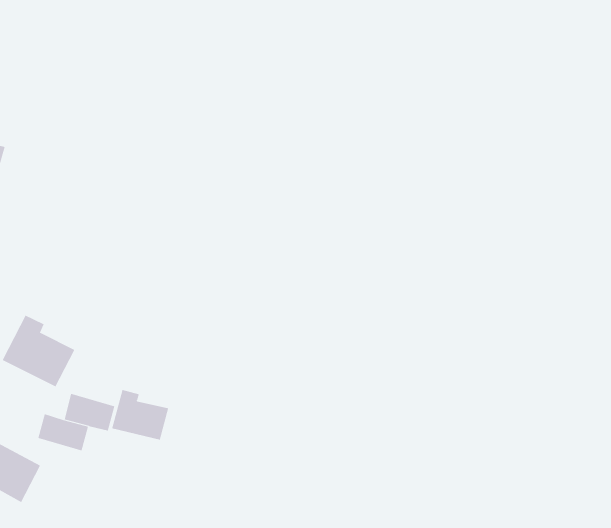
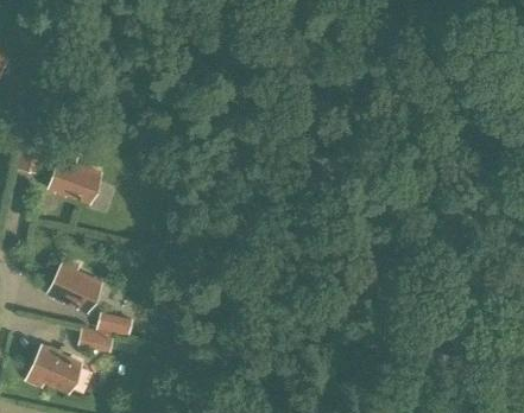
building: none -> [50,154,100,203]
building: [112,389,169,441] -> none

